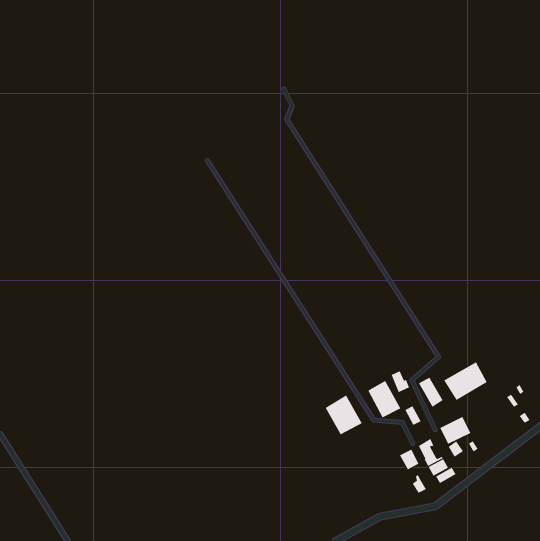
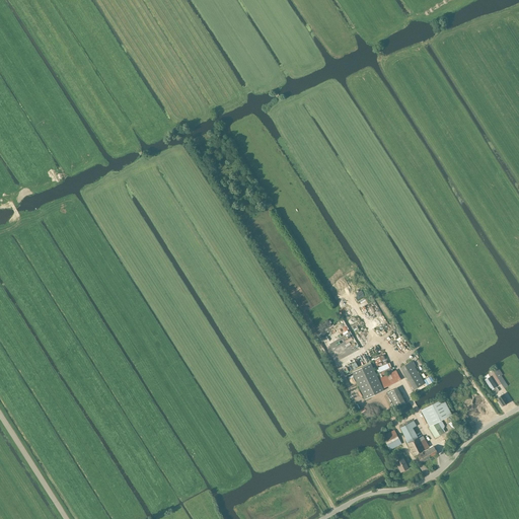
building: [444,362,487,401] -> none
building: [325,395,362,435] -> none

